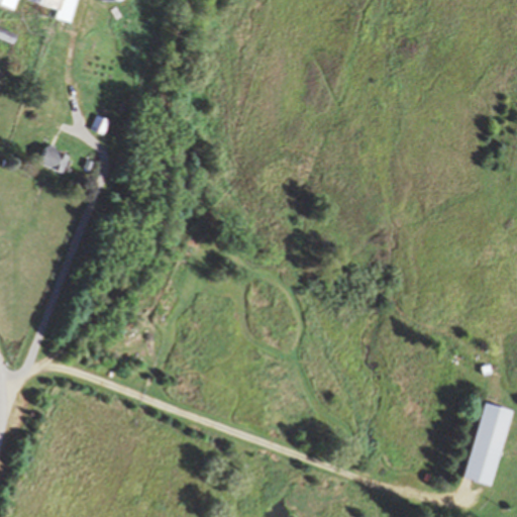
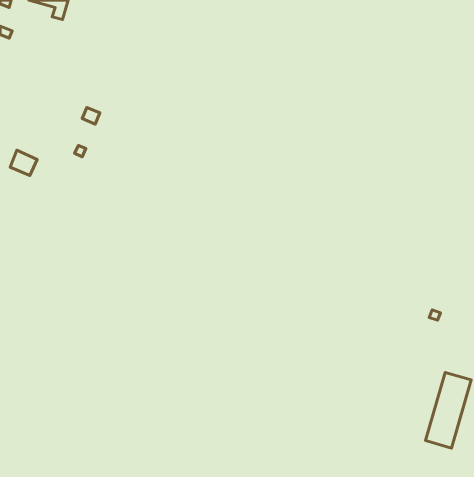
building: [40,145,70,173] -> [10,150,37,175]

